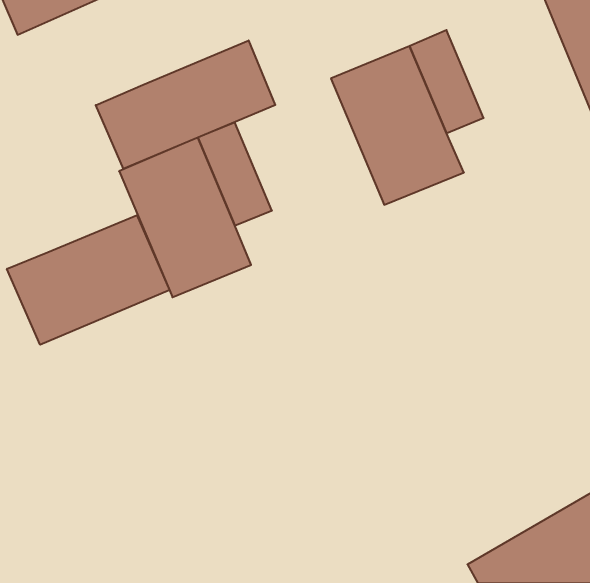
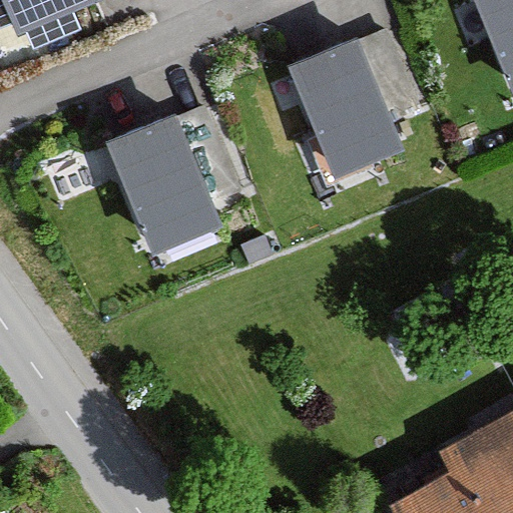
building: [96,40,275,169] -> none
building: [7,215,169,345] -> none

